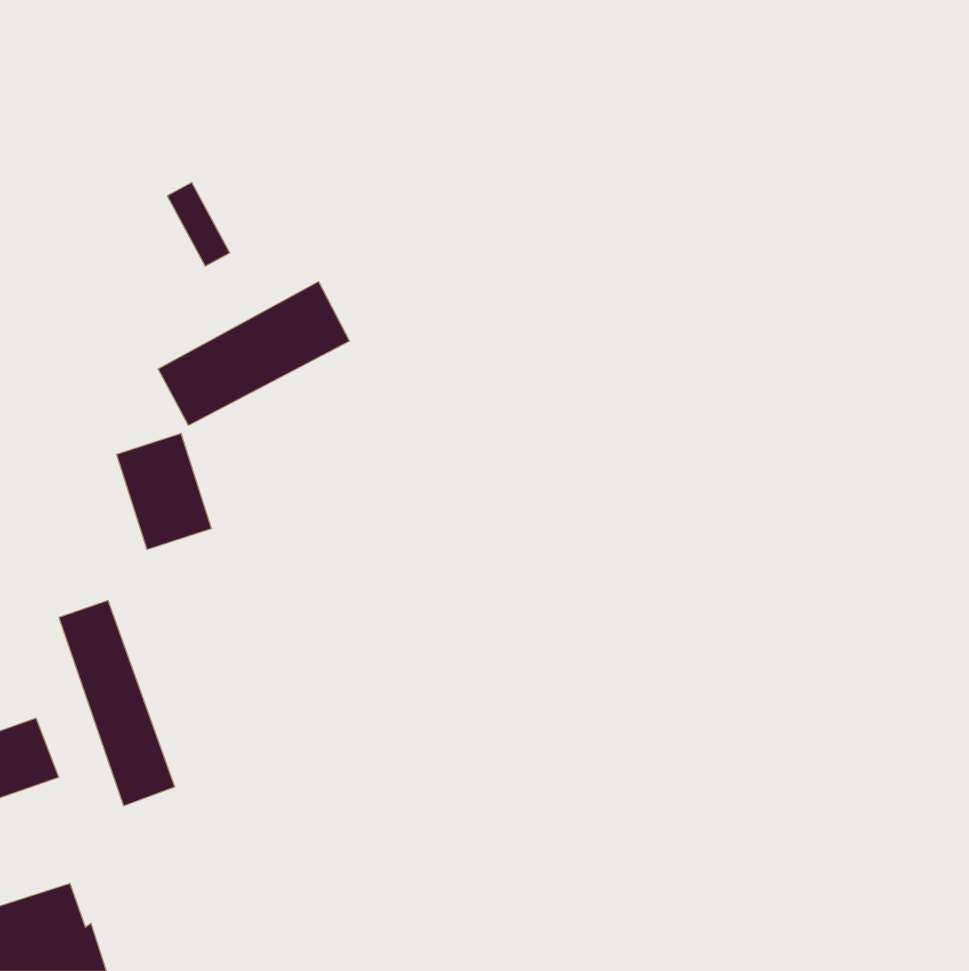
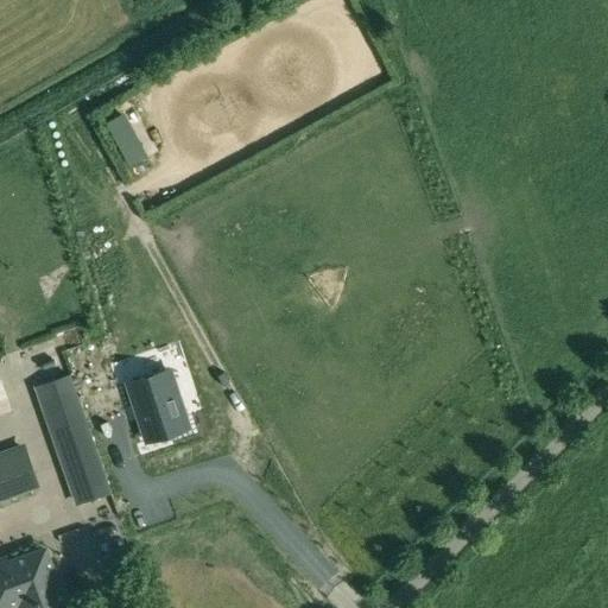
building: [158,282,349,425] -> none
building: [117,434,212,549] -> [127,369,186,442]

